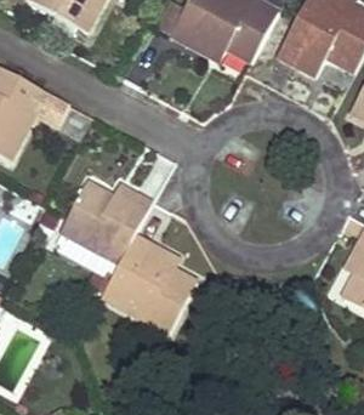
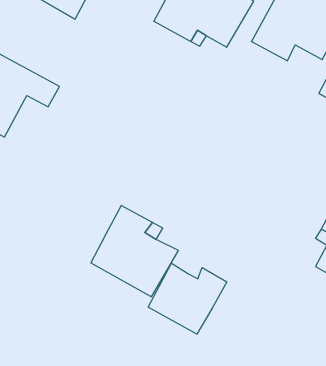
building: [59,183,152,265] -> none
building: none -> [148,263,227,334]

